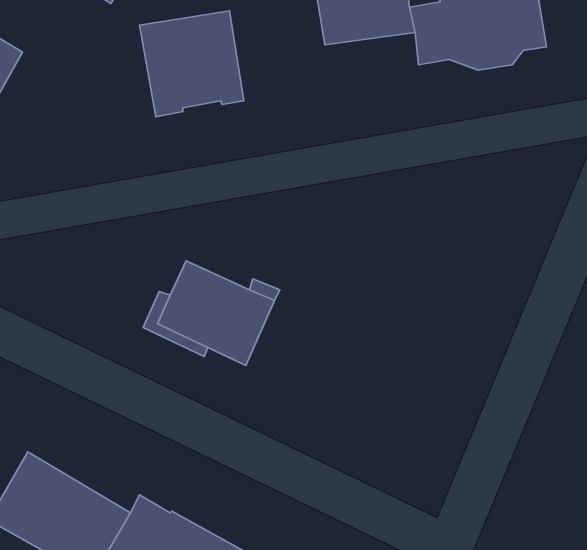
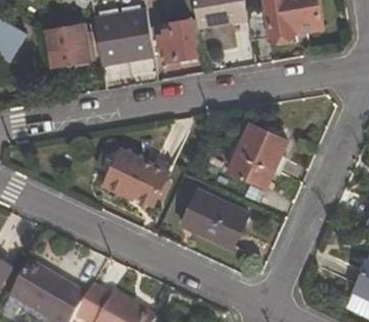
building: none -> [156,19,196,61]
building: none -> [45,23,91,67]
building: none -> [228,122,288,187]
building: none -> [182,191,246,248]

